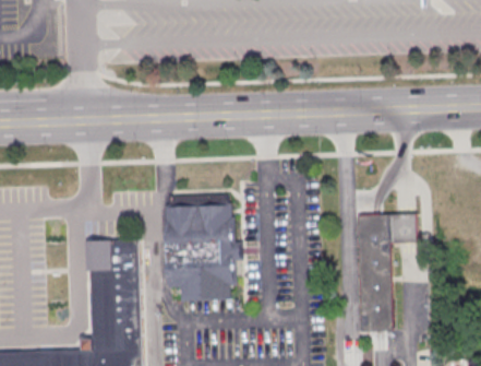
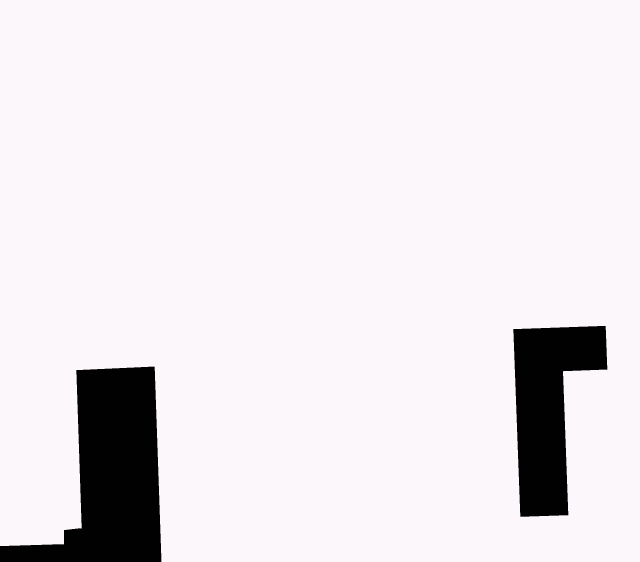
building: [165,196,240,302] -> none

